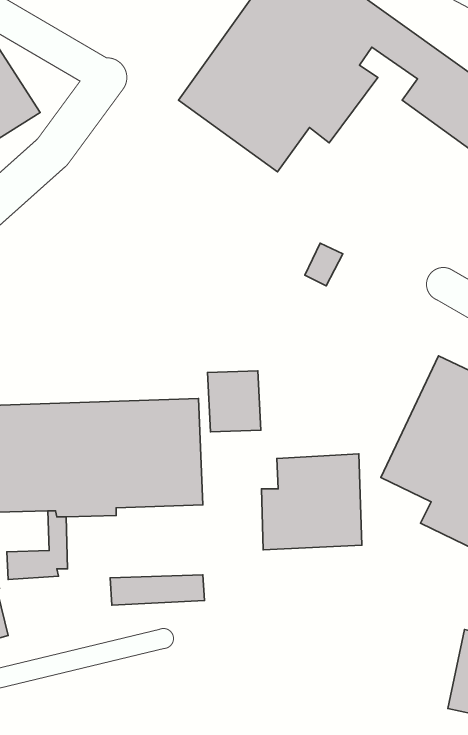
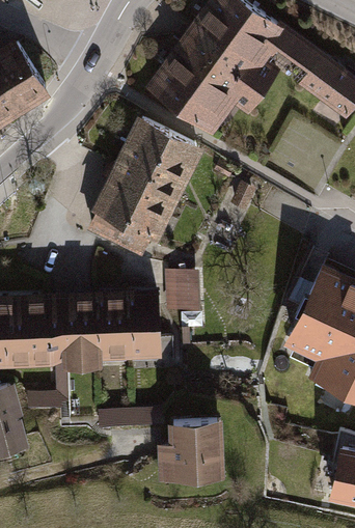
building: none -> [85,115,206,257]
building: [262,454,362,550] -> [157,420,225,485]

